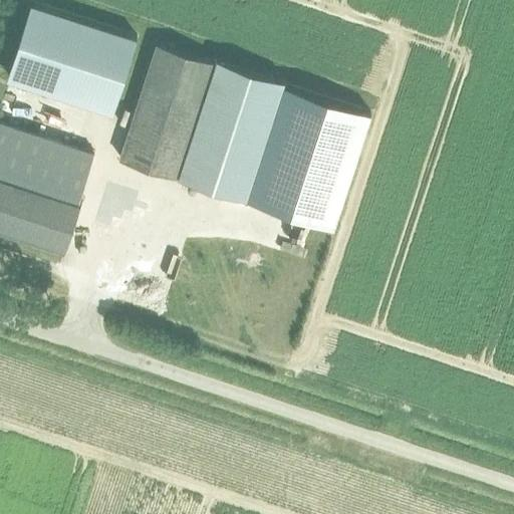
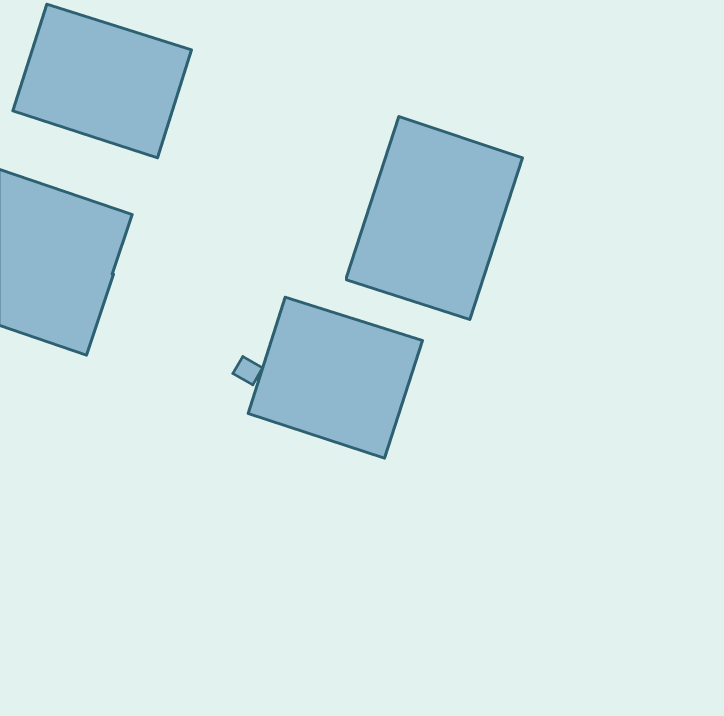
building: [119,48,282,203] -> none
building: none -> [248,297,423,458]

